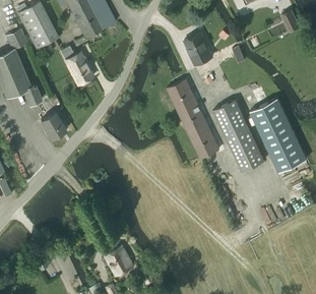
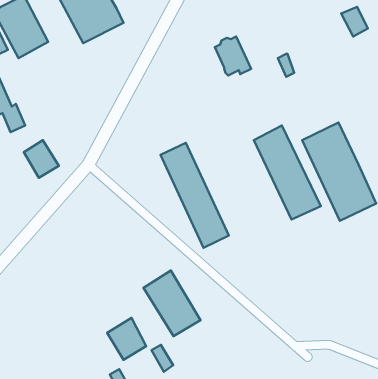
building: [61,47,93,85] -> none
building: [168,80,219,160] -> [160,143,229,248]
building: none -> [143,271,200,336]

